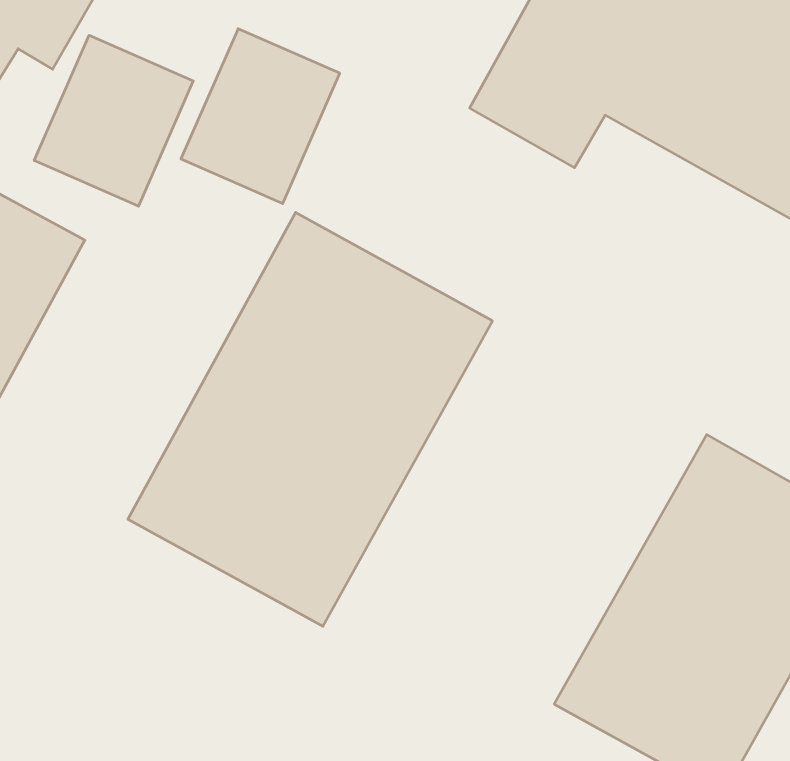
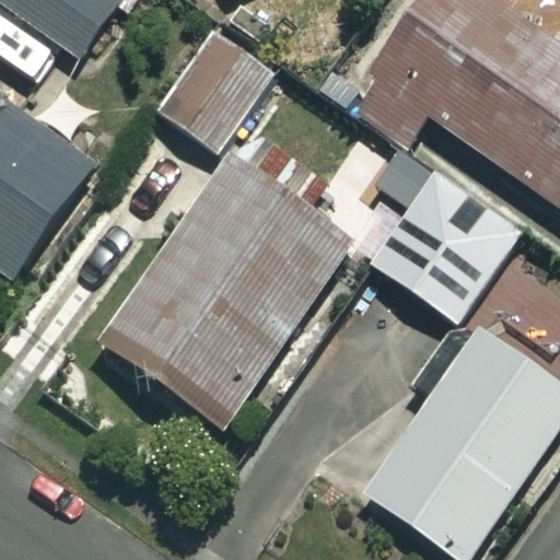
building: [34,35,193,206] -> none
building: none -> [371,170,520,320]

